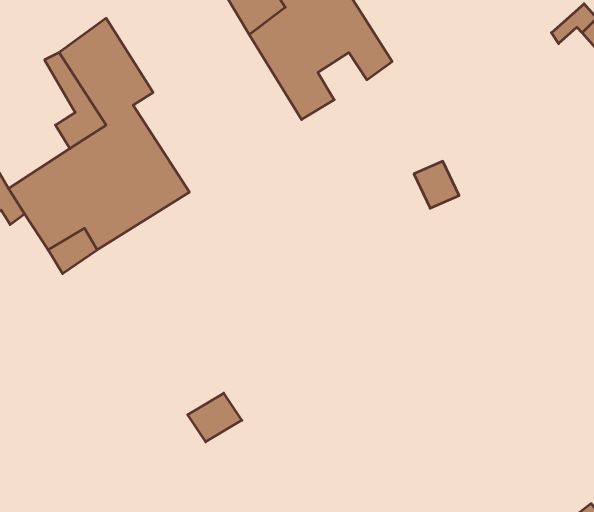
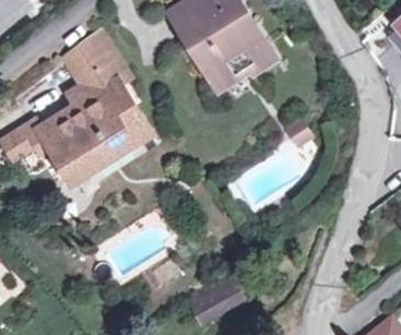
building: none -> [189,277,240,321]

